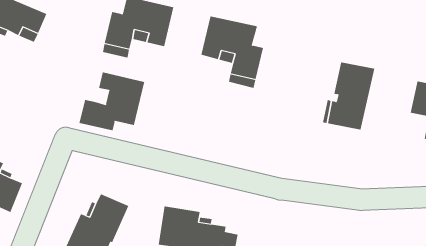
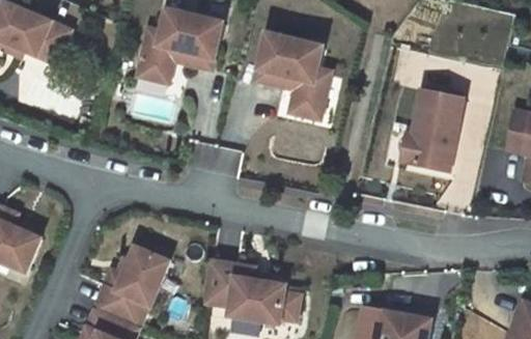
building: [79,72,145,131] -> none

